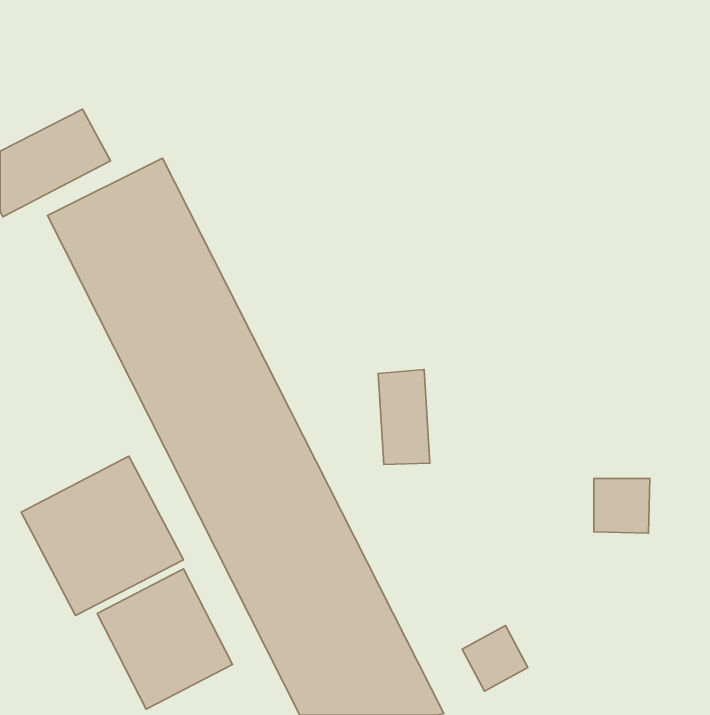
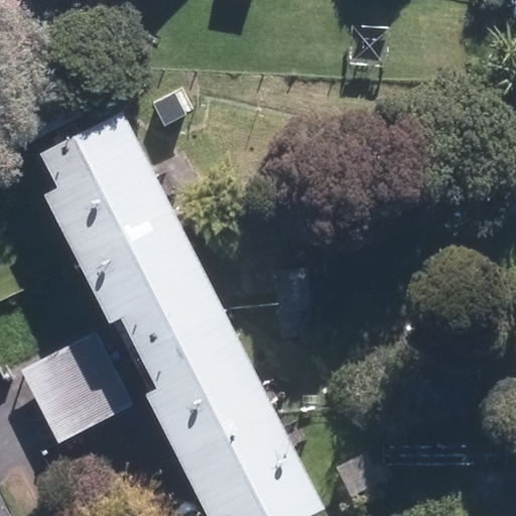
building: [97,569,233,709] -> none

